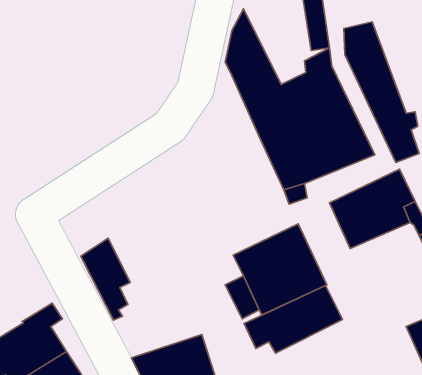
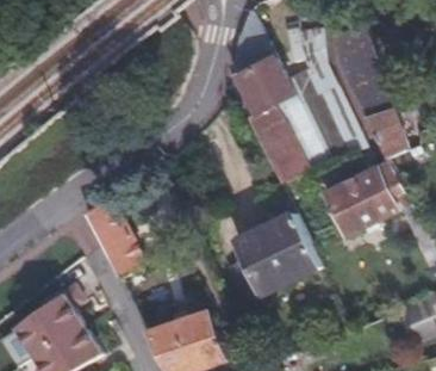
building: [244,286,343,353] -> none

